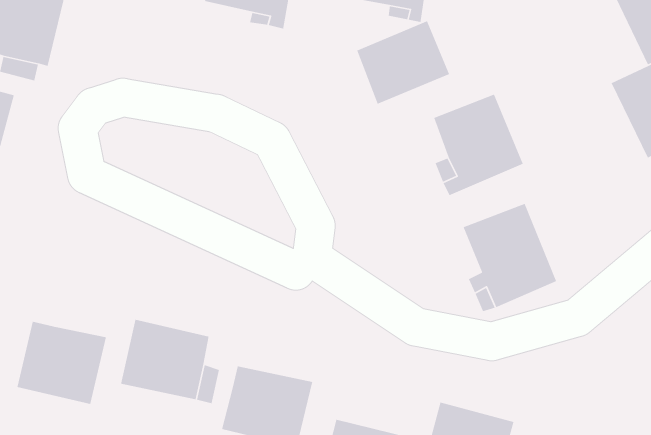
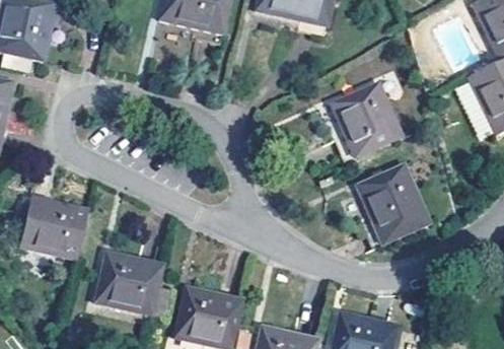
building: [356,20,450,105] -> none
building: [16,321,107,405] -> [21,195,90,259]

